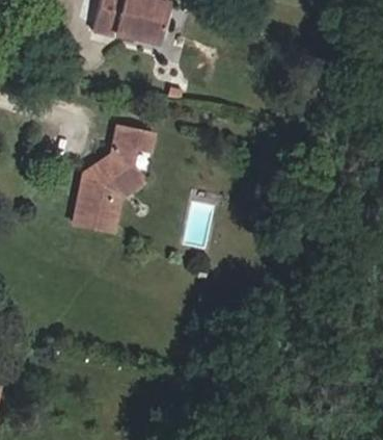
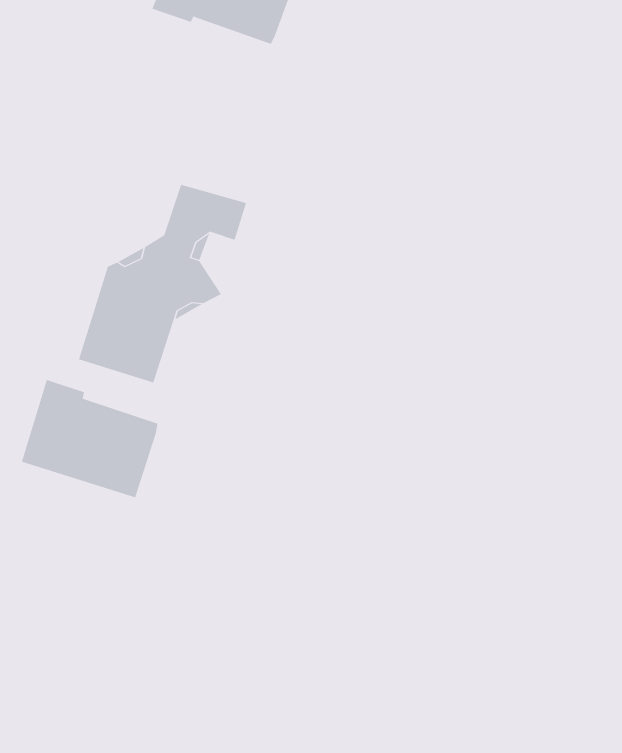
building: none -> [21,379,158,498]

